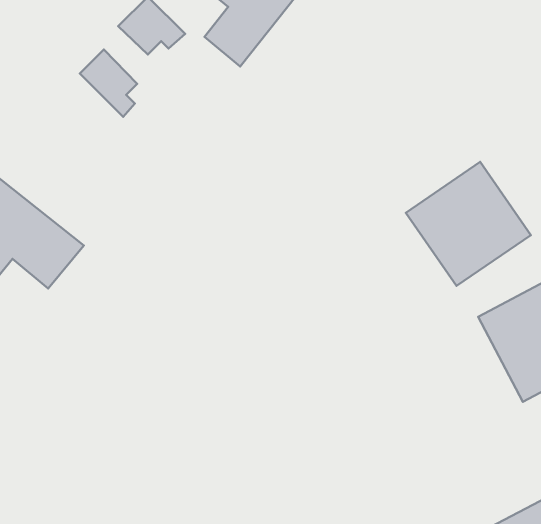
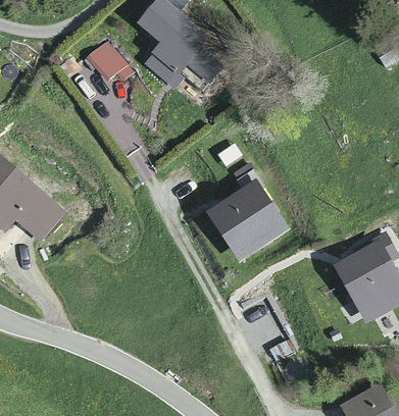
building: [80,50,137,117] -> none
building: [406,162,531,286] -> [205,179,291,264]

